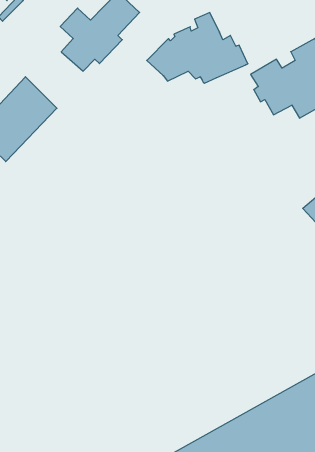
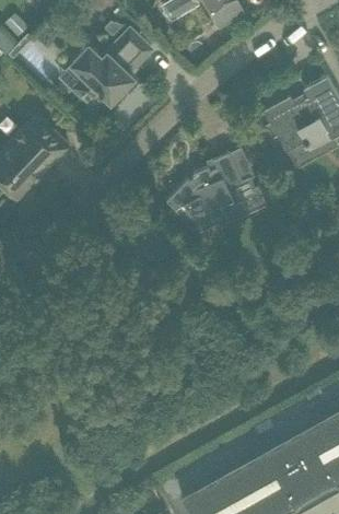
building: [147,13,248,83] -> [165,155,267,226]

